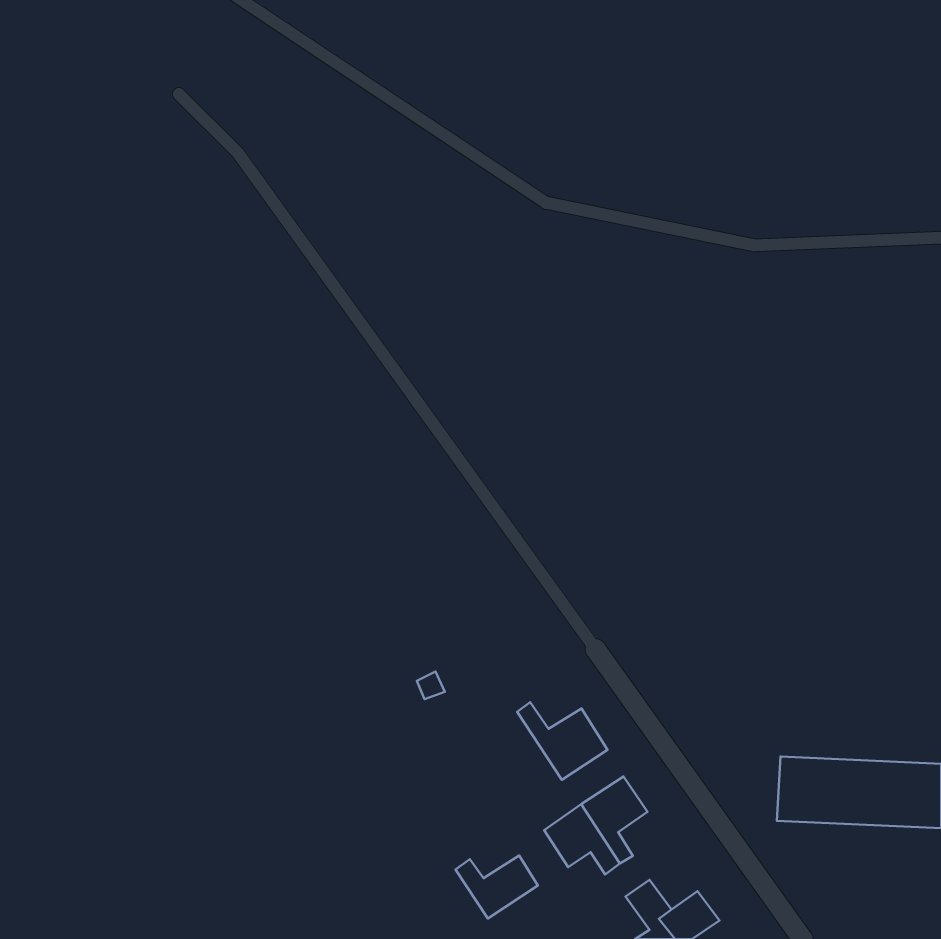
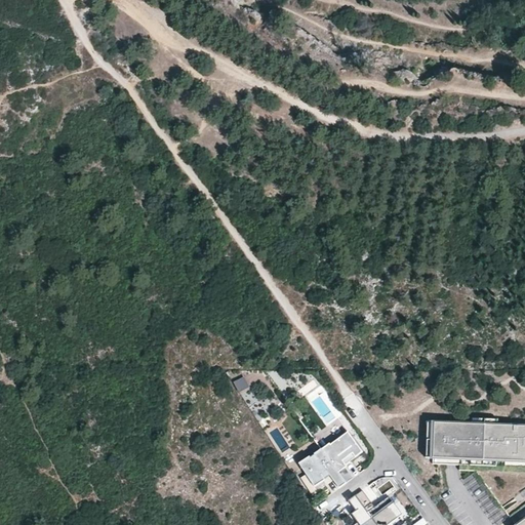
building: [517,702,608,780] -> none
building: [456,856,538,918] -> none

